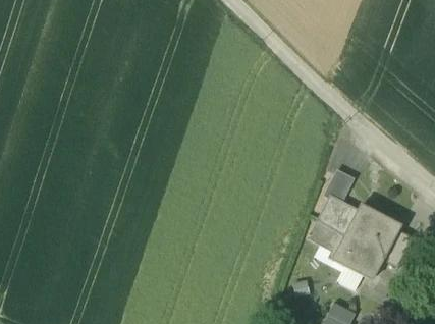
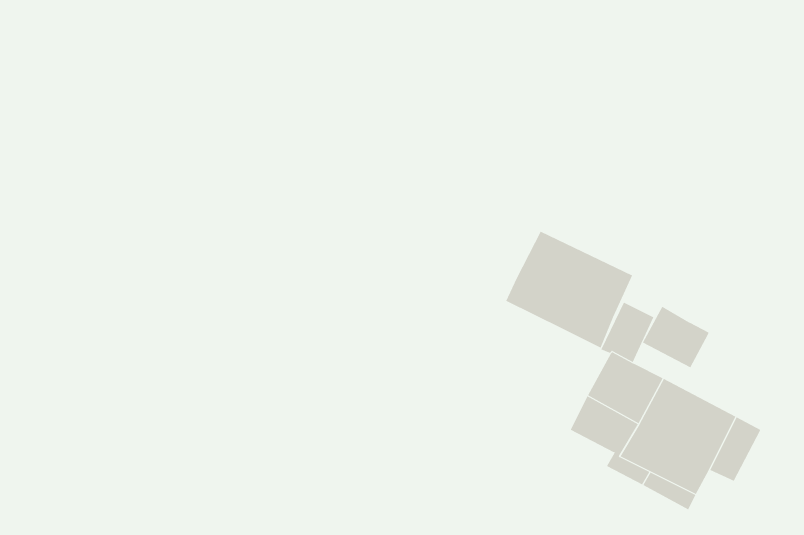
building: none -> [506,231,633,349]
building: none -> [642,306,709,368]

